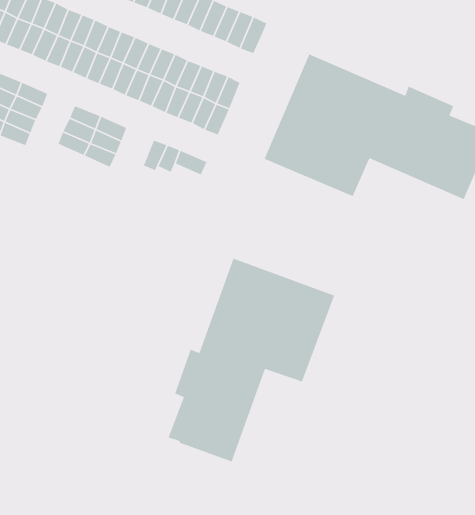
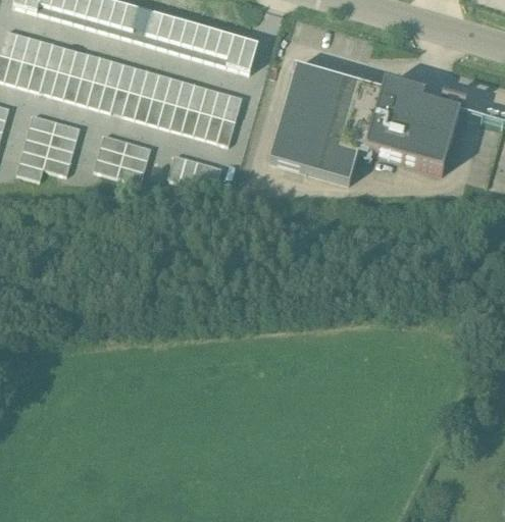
building: [168,255,335,462] -> none

